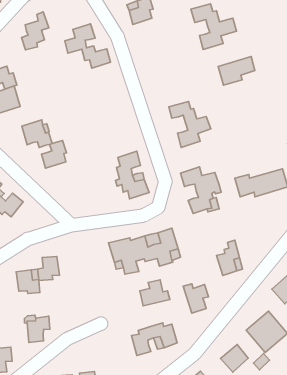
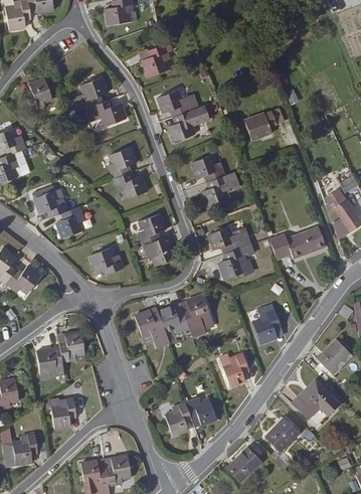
building: [191,4,237,50] -> [158,91,209,141]
building: none -> [110,147,147,198]
building: none -> [91,248,123,272]
building: [140,280,170,306] -> none

